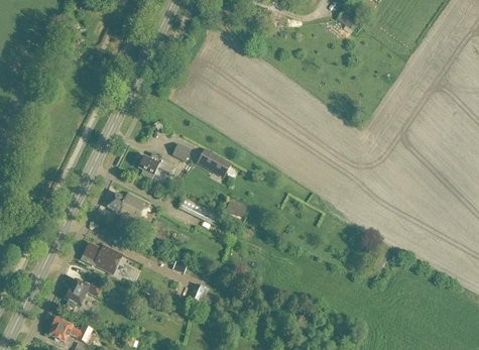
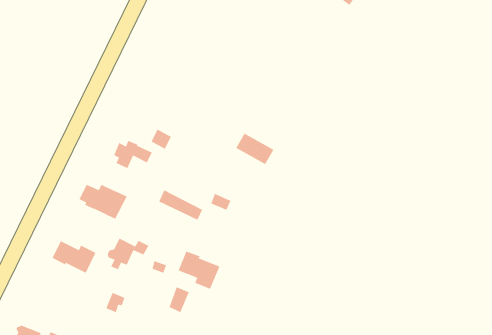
building: [195,148,230,178] -> [235,132,275,165]
building: none -> [178,251,220,290]
building: [63,279,101,309] -> [107,238,150,270]

